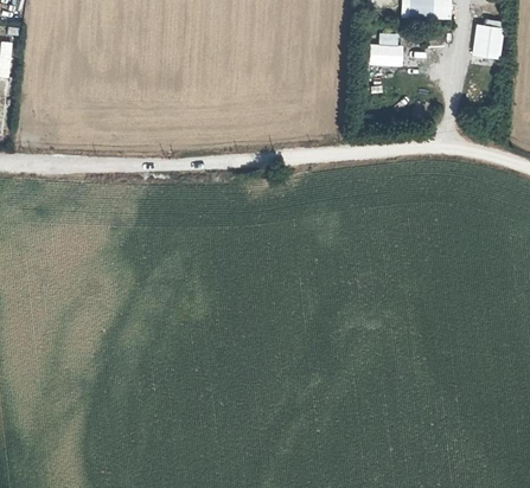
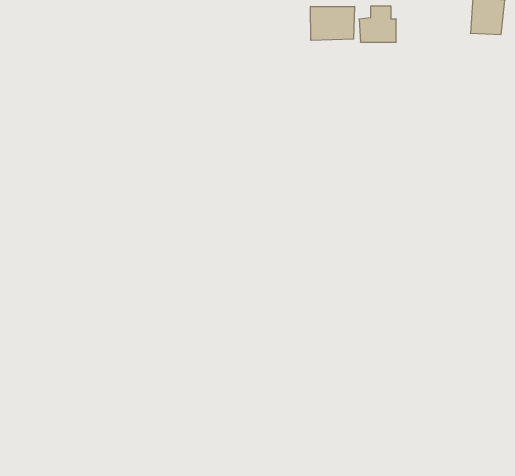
building: none -> [311,6,355,40]

